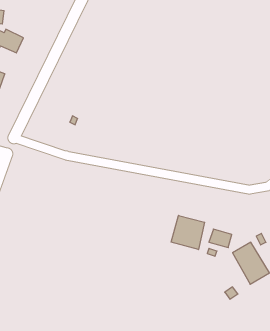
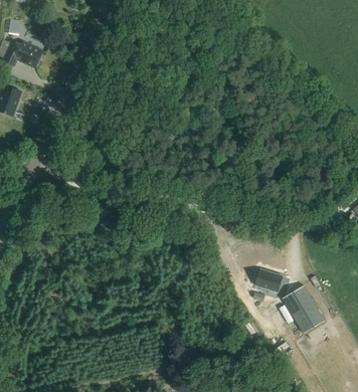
building: [171,215,205,250] -> none

